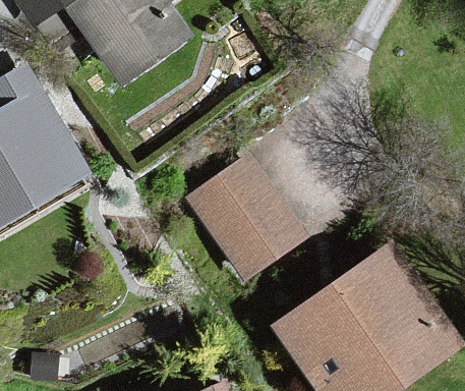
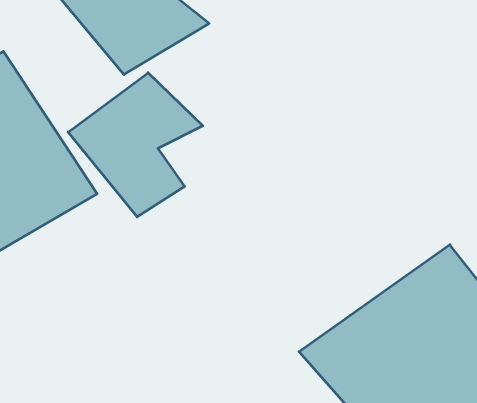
building: none -> [68,73,203,217]
building: [171,156,301,281] -> none

